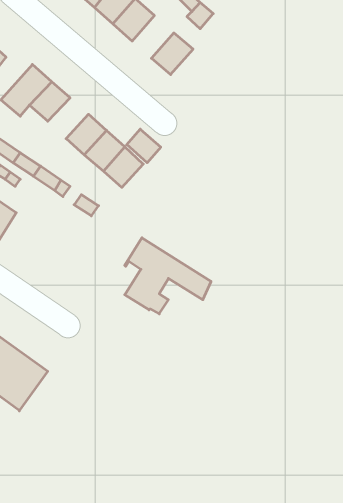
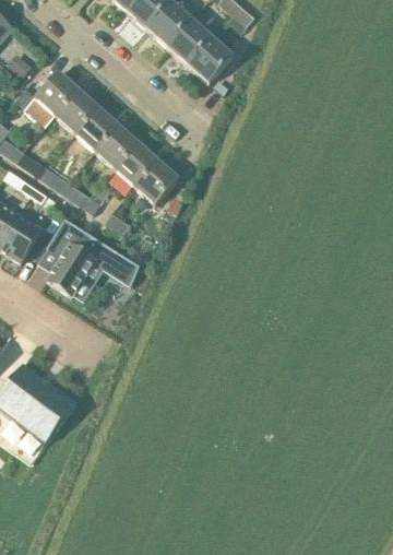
building: none -> [166,20,211,66]
building: none -> [75,108,119,152]
building: [127,129,161,163] -> none
building: [125,238,211,314] -> [46,219,139,300]

